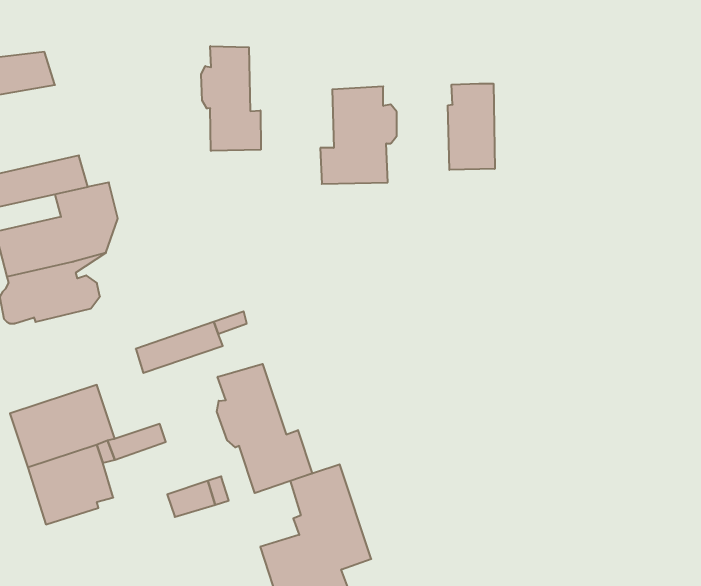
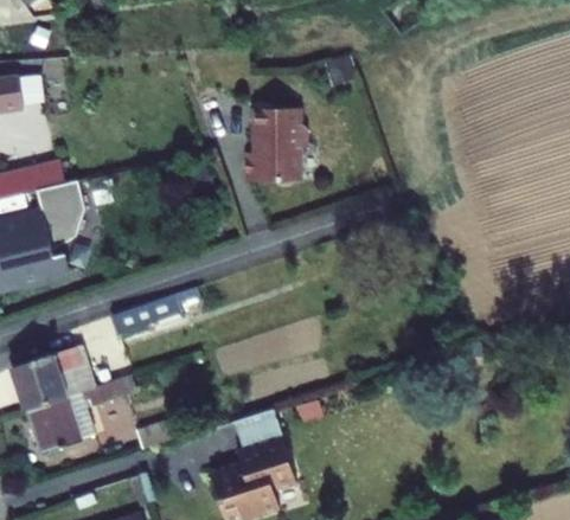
building: [201,46,261,151] -> none
building: [448,84,495,170] -> none
building: [217,364,312,493] -> none

